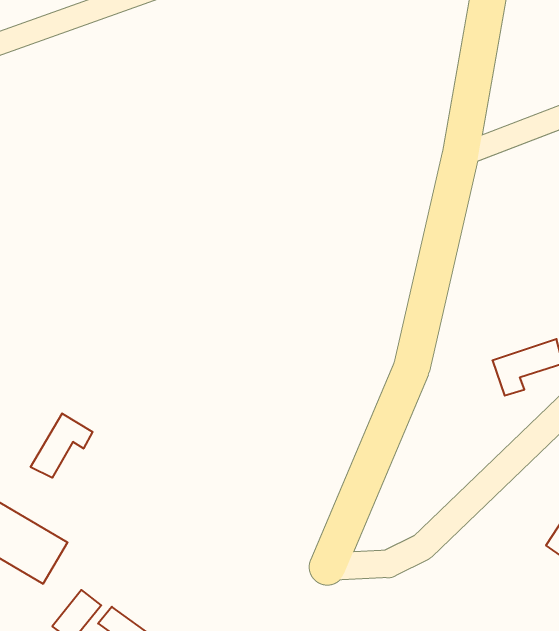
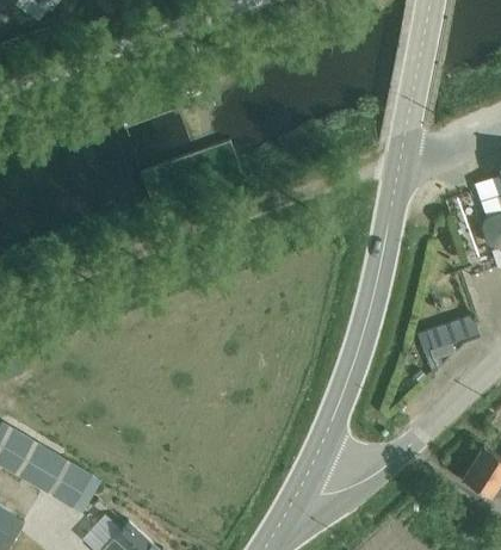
building: [31,413,93,478] -> none

